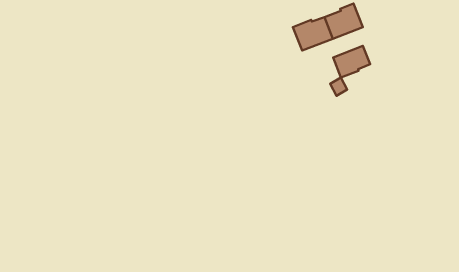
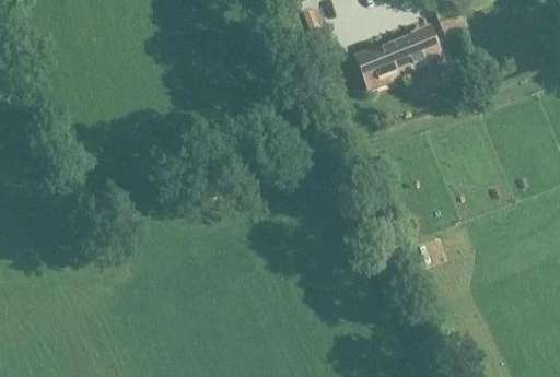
building: [333,46,370,78] -> none

